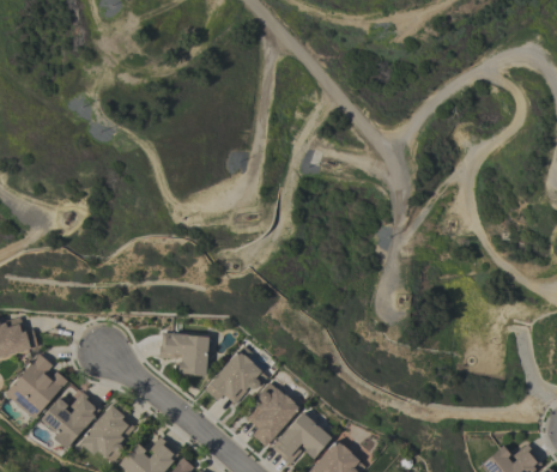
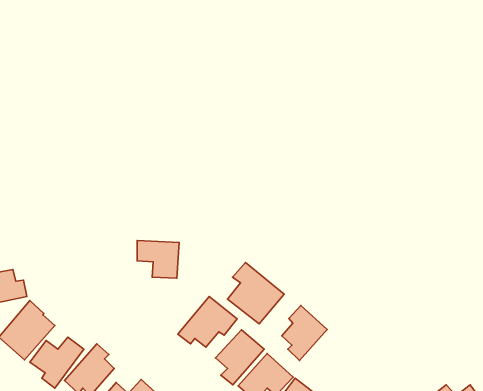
building: none -> [227,262,284,324]
building: [162,334,208,376] -> [137,240,179,278]
building: none -> [282,306,327,360]

